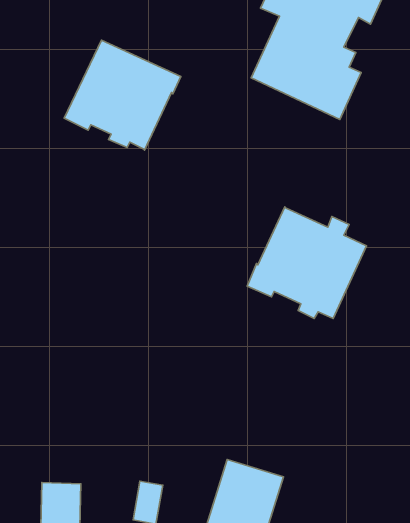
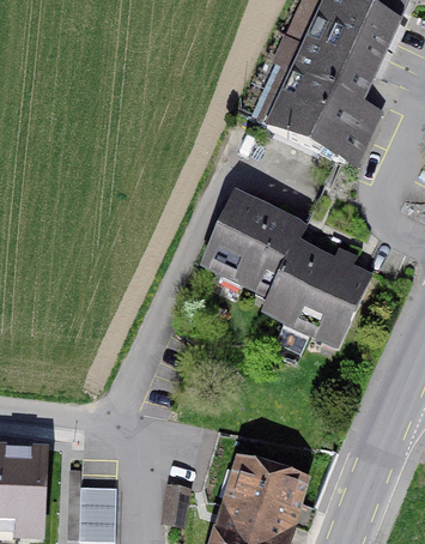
building: [64,40,181,150] -> [202,191,306,289]

